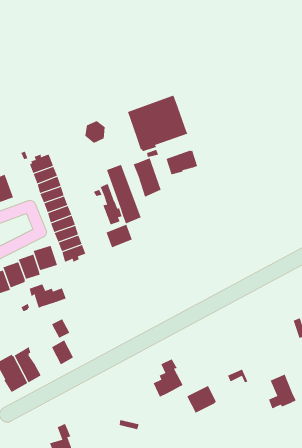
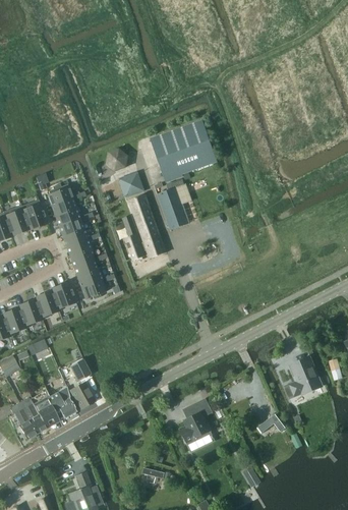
building: none -> [118,172,144,199]
building: [166,150,198,175] -> none
building: none -> [21,200,49,230]
building: [106,224,133,248] -> none
building: [29,283,67,308] -> none
building: none -> [48,388,76,417]
building: [268,374,297,409] -> [290,357,321,395]
building: [186,385,216,414] -> none

